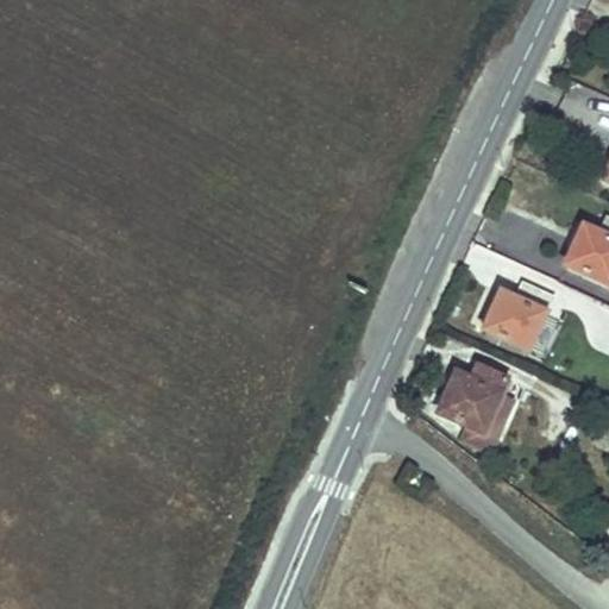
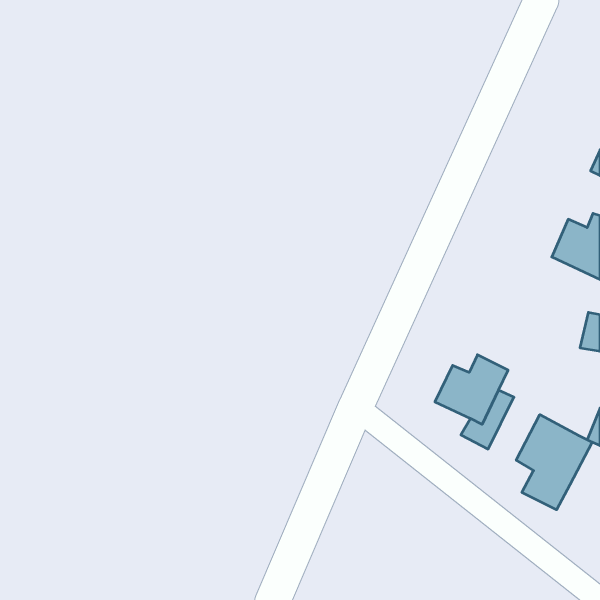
building: [481,283,551,345] -> none
building: none -> [516,415,592,510]

